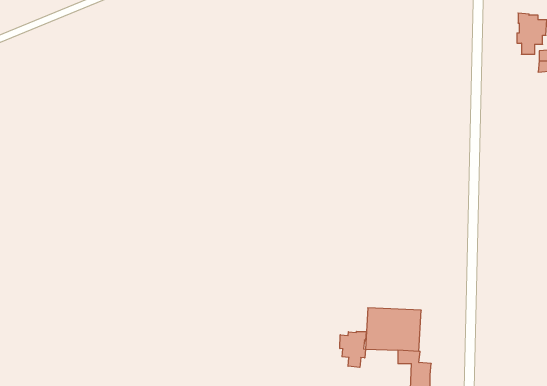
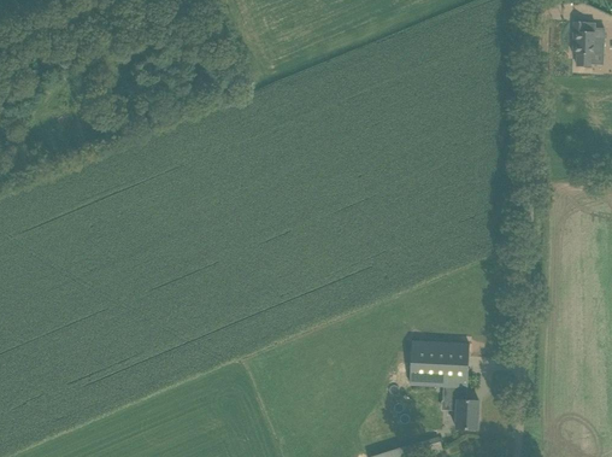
building: [340,331,366,367] -> none

